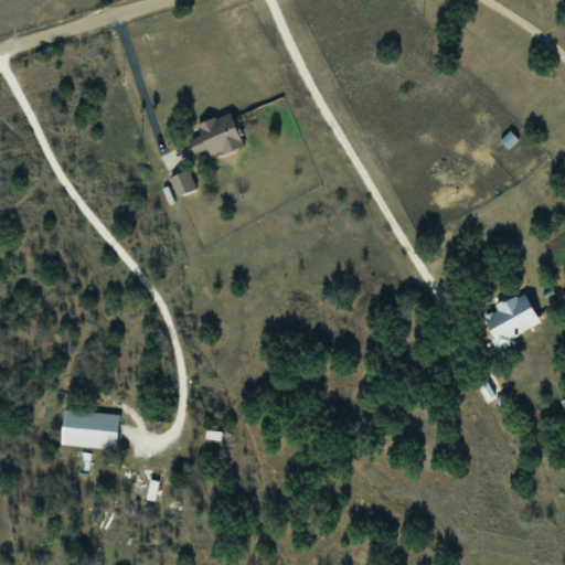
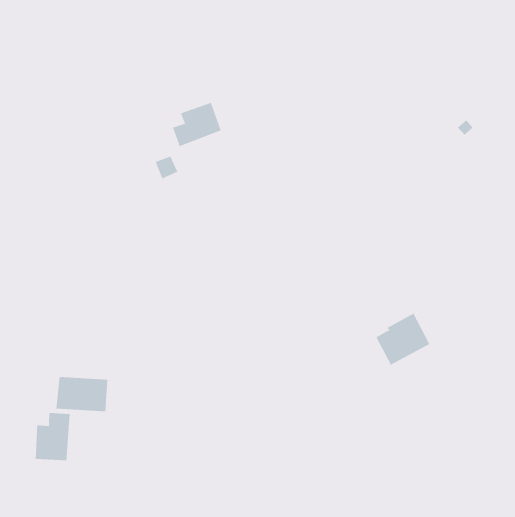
building: [481,290,541,348] -> [375,313,430,365]
building: none -> [35,412,70,461]

